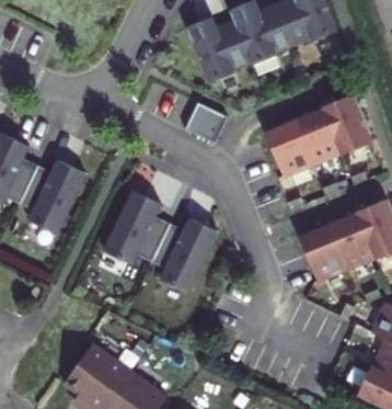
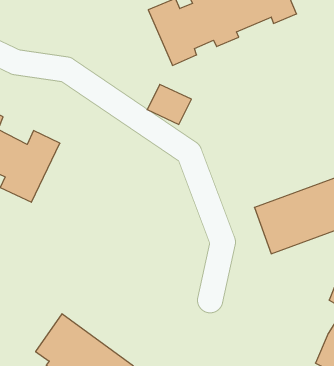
building: [266,96,368,174] -> none
building: [103,193,218,295] -> none

